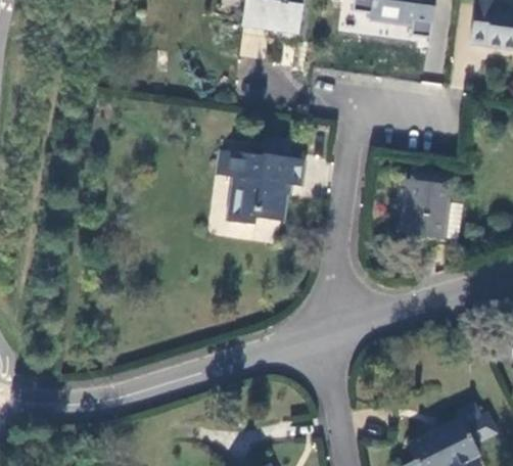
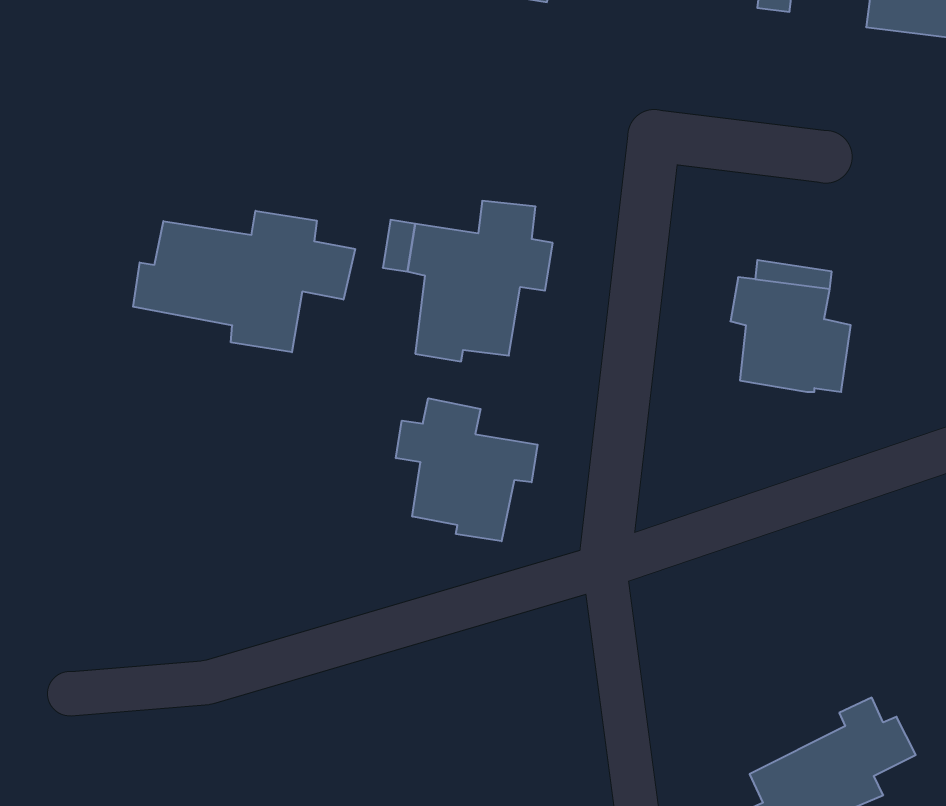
building: none -> [133,211,355,352]
building: none -> [396,398,538,541]

